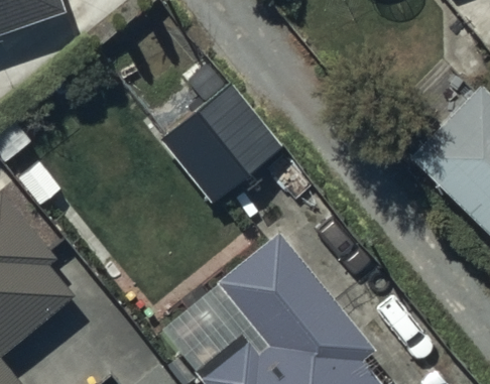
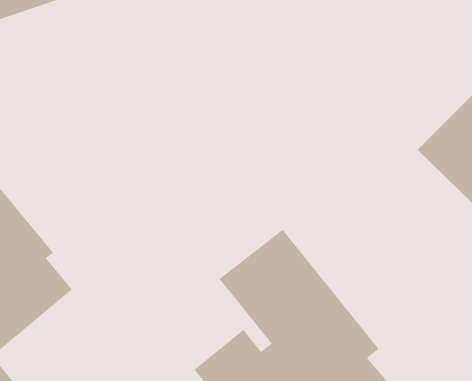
building: [156,57,285,207] -> none

